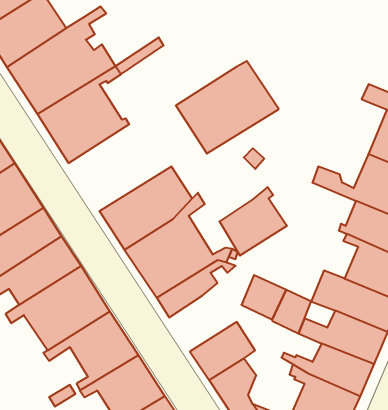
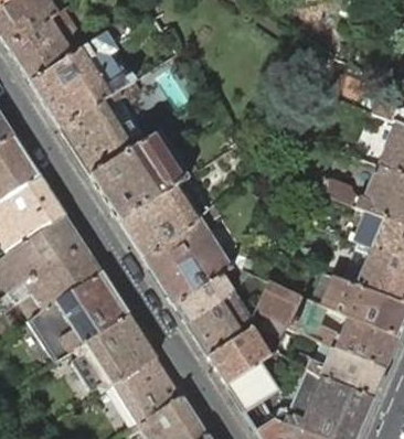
building: [176,61,279,154] -> [91,131,190,221]
building: [219,187,287,256] -> [188,290,253,356]

